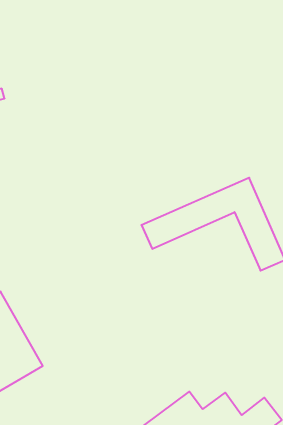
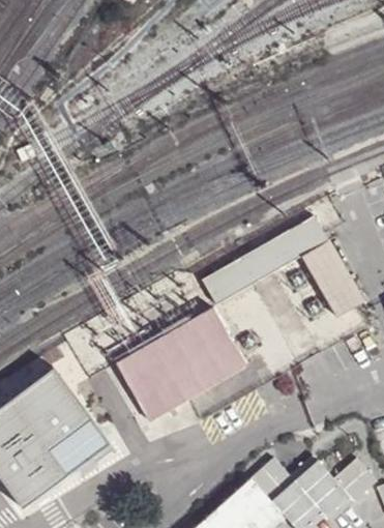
building: none -> [116,311,243,422]

